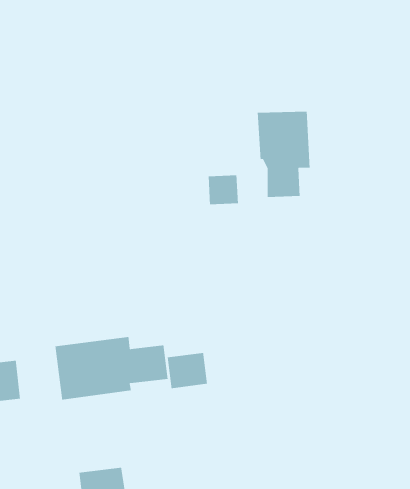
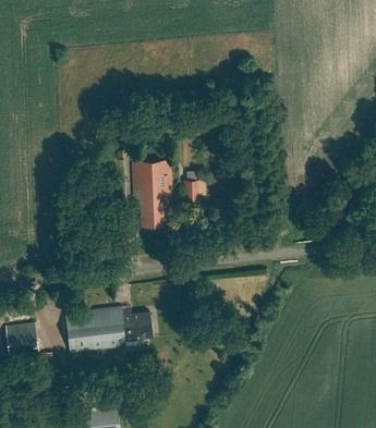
building: [257,111,310,198] -> [132,158,173,225]
building: [167,352,208,389] -> none

